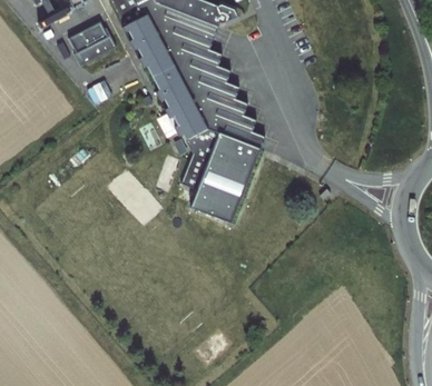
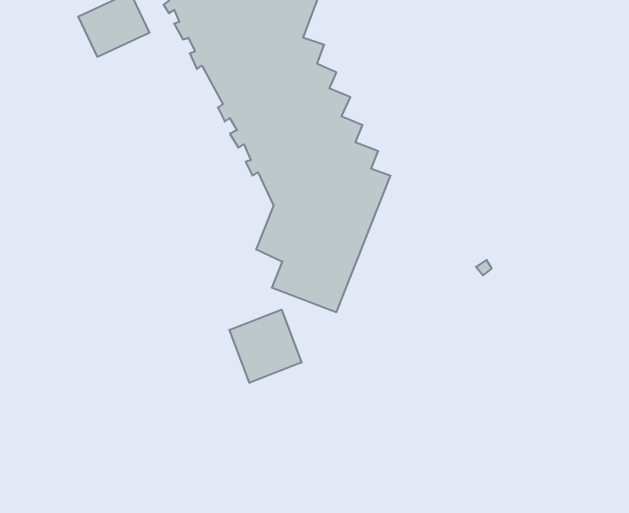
building: none -> [229,310,302,383]

